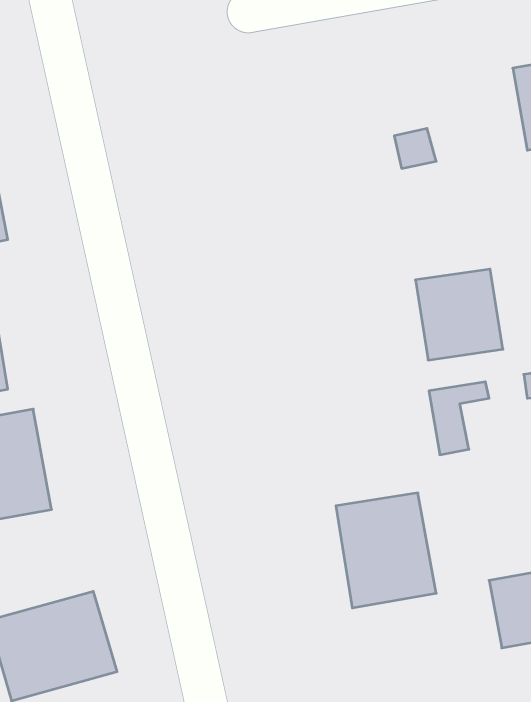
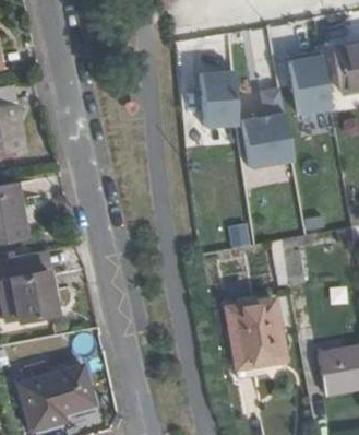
building: none -> [288,54,328,111]
building: none -> [201,69,237,126]
building: [415,269,503,360] -> [242,111,295,166]

